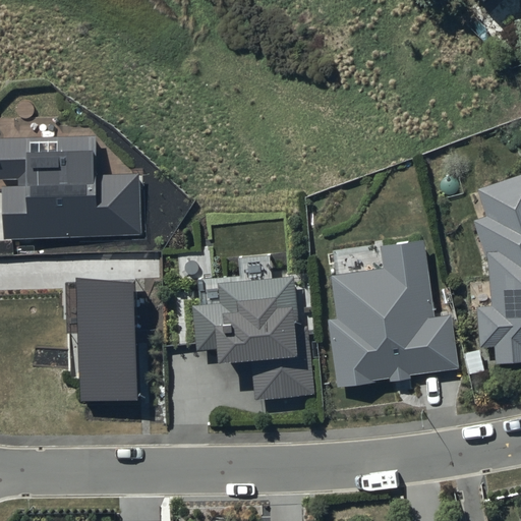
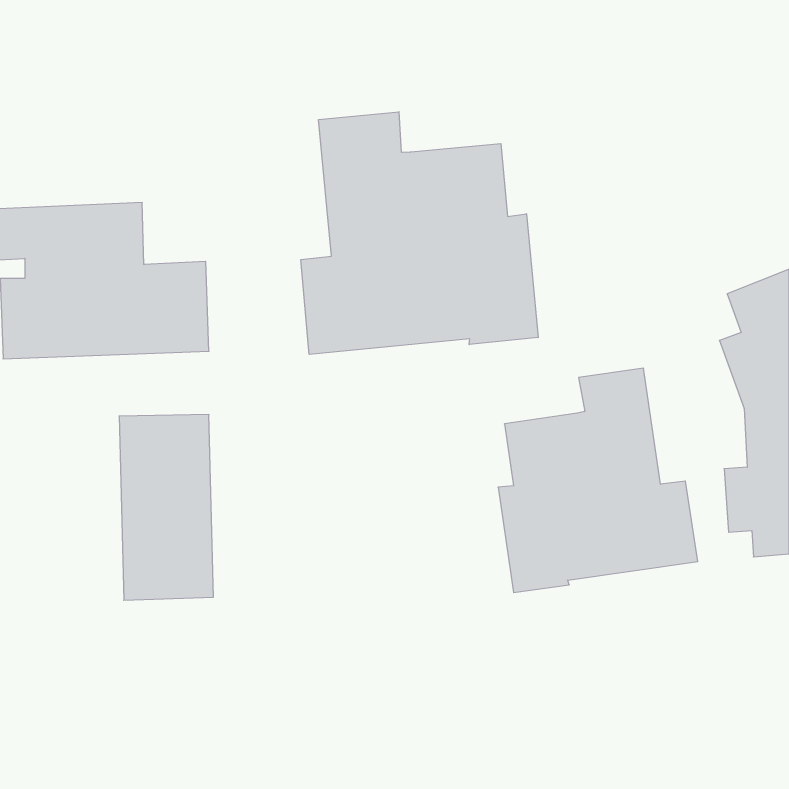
building: none -> [301,112,538,354]
building: [177,273,308,407] -> none

